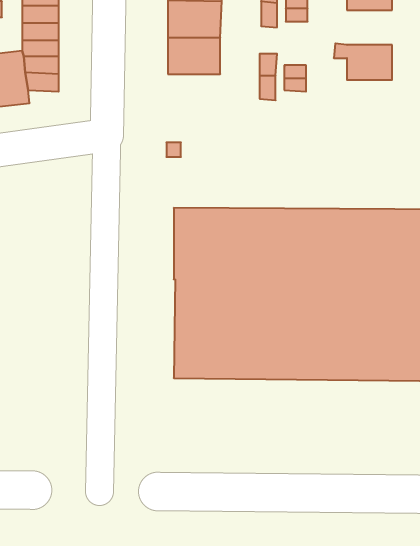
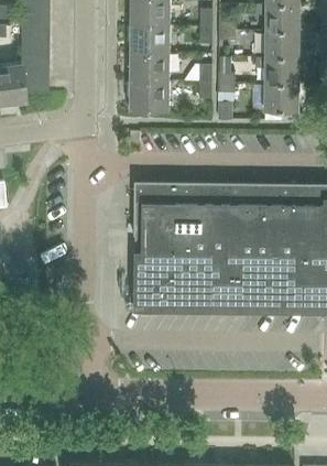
building: none -> [266,33,301,59]
building: none -> [131,82,171,111]
building: none -> [266,86,301,113]

